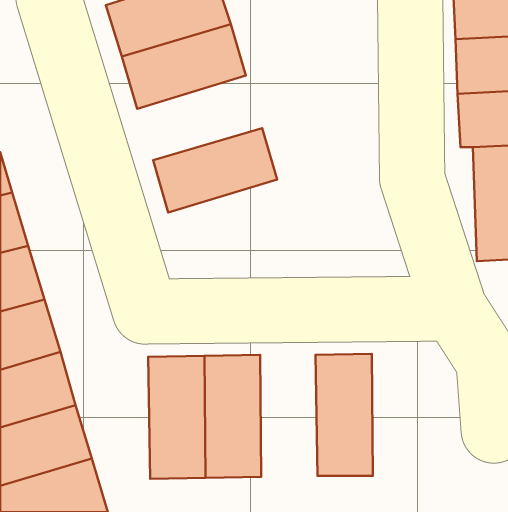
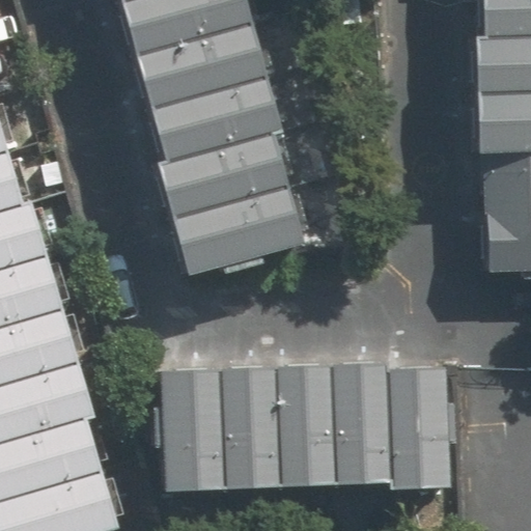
building: none -> [148,78,277,165]
building: none -> [180,185,309,272]
building: none -> [390,363,448,490]
building: none -> [275,365,334,491]

